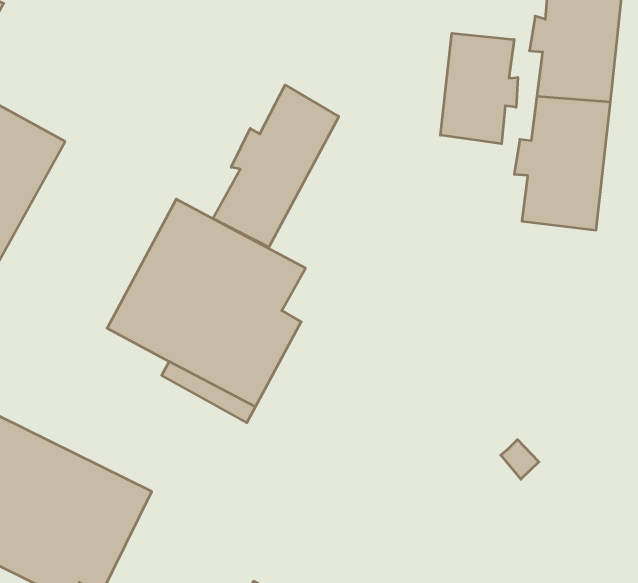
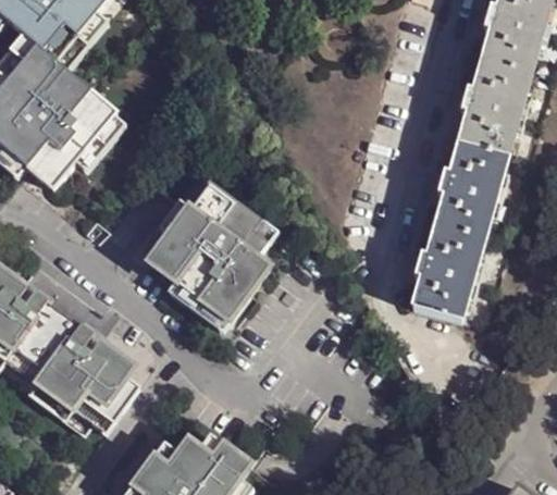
building: [440,33,518,144] -> none
building: [213,85,339,247] -> none
building: none -> [410,227,482,323]

